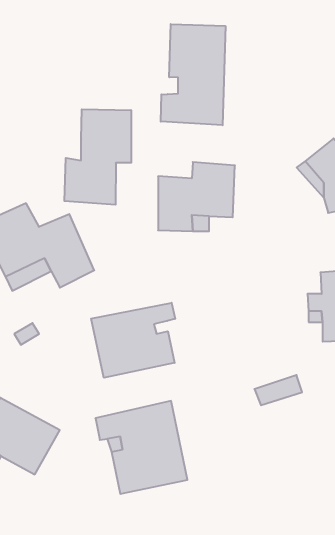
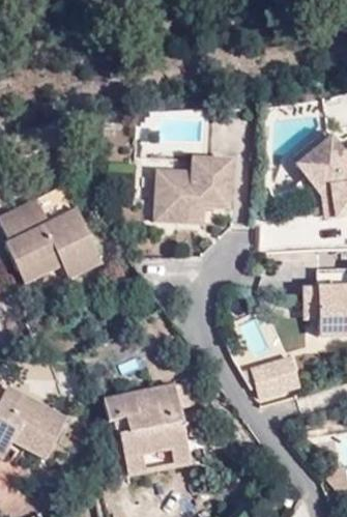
building: [161,24,225,125] -> none
building: [64,109,131,205] -> none
building: [91,303,175,378] -> none

